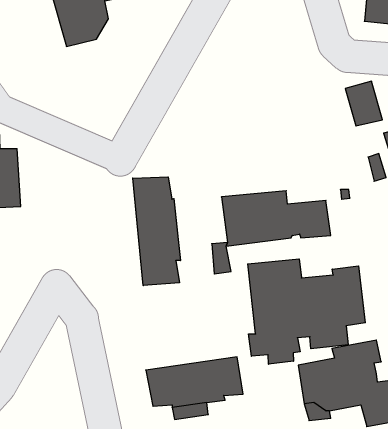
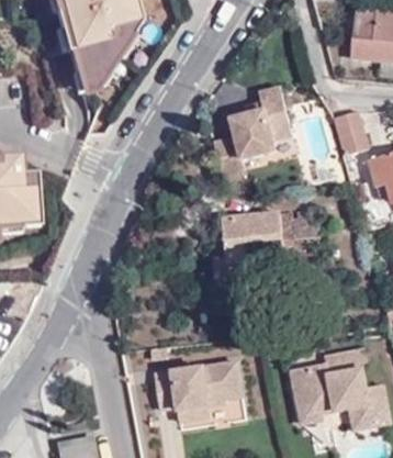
building: none -> [212,89,290,194]
building: [133,177,180,286] -> none
building: [248,259,365,364] -> none

